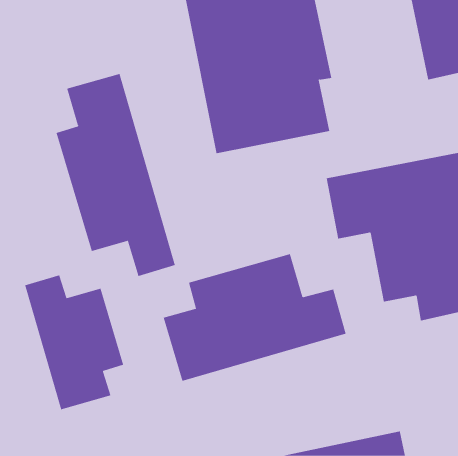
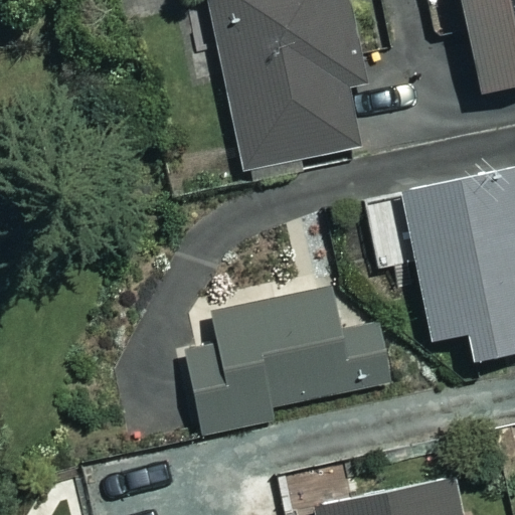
building: [56,73,176,277] -> none
building: [25,274,124,410] -> none

